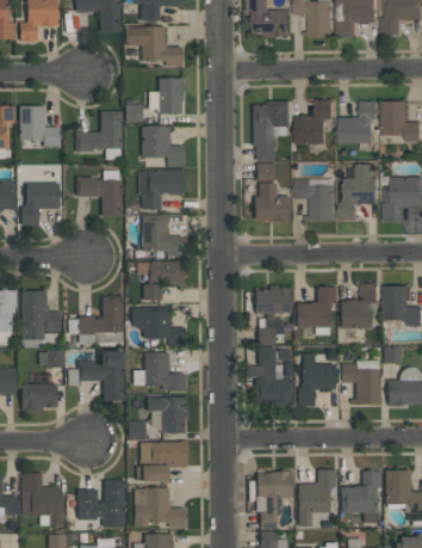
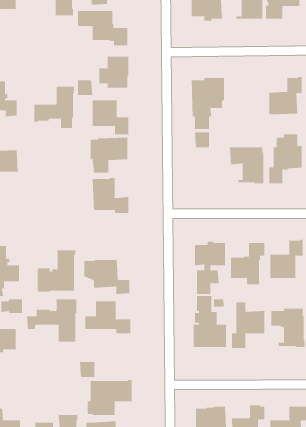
building: [296,99,333,143] -> none
building: [76,170,124,216] -> none
building: [255,183,291,222] -> none
building: [137,259,184,300] -> none
building: [148,396,190,432] -> none

